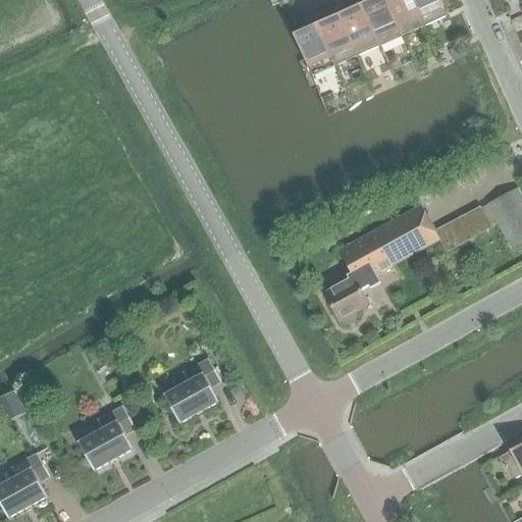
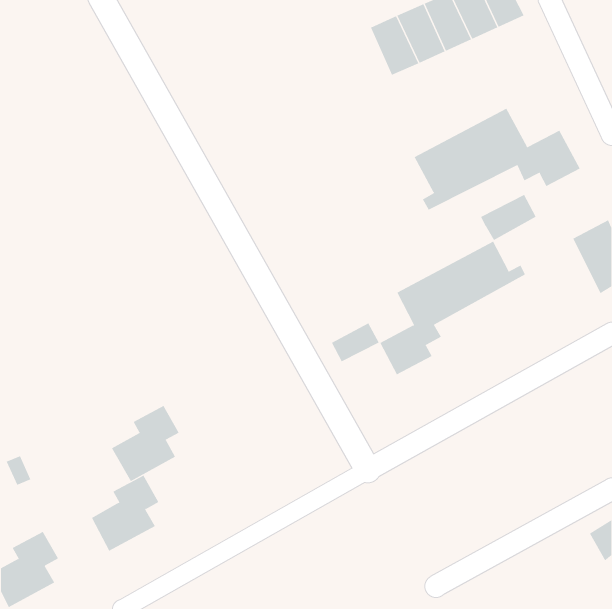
building: [293,23,333,74] -> none
building: none -> [414,108,580,211]
building: [443,206,491,246] -> [480,194,537,241]
building: none -> [331,323,380,362]
building: [163,357,221,422] -> [111,405,180,482]

